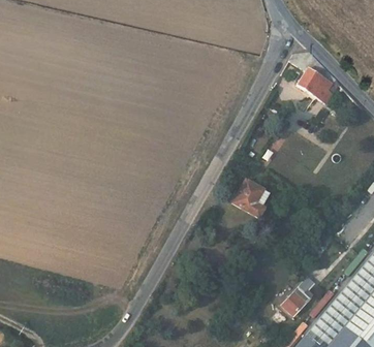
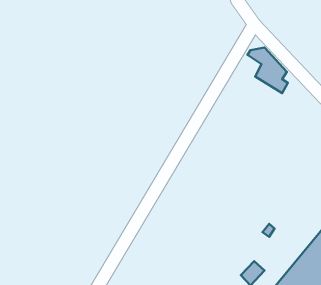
building: [228,183,268,221] -> none

